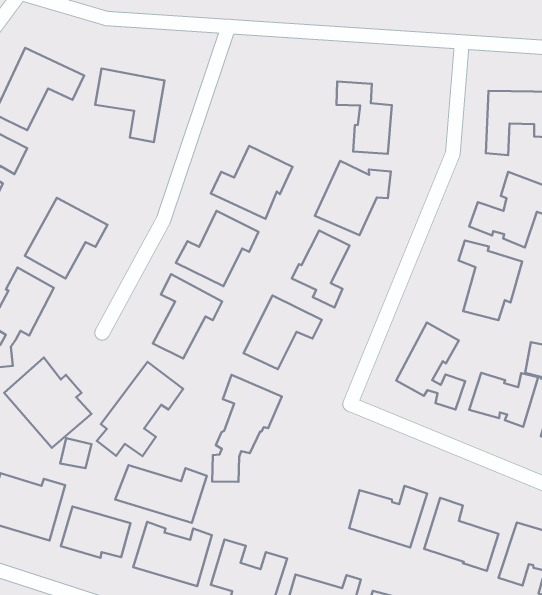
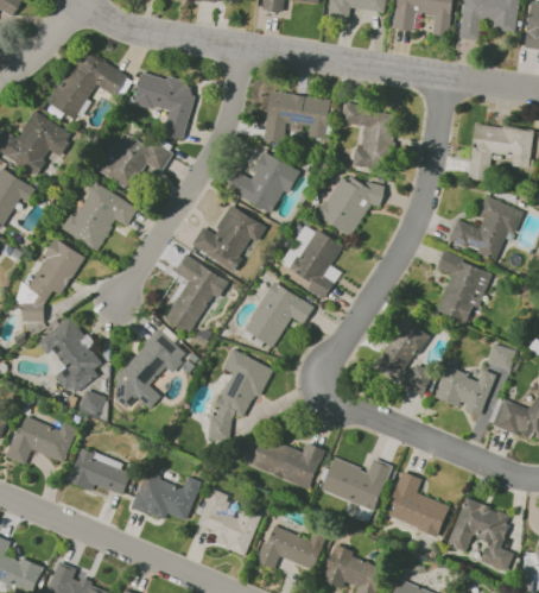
building: none -> [265,92,329,150]
building: none -> [97,128,173,189]
building: [115,465,207,523] -> [243,434,324,488]

